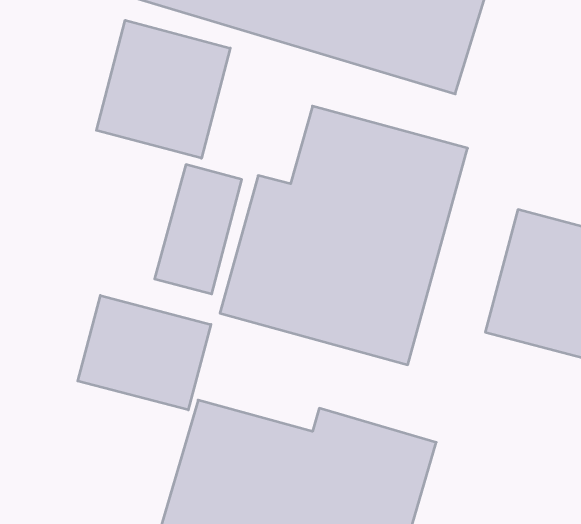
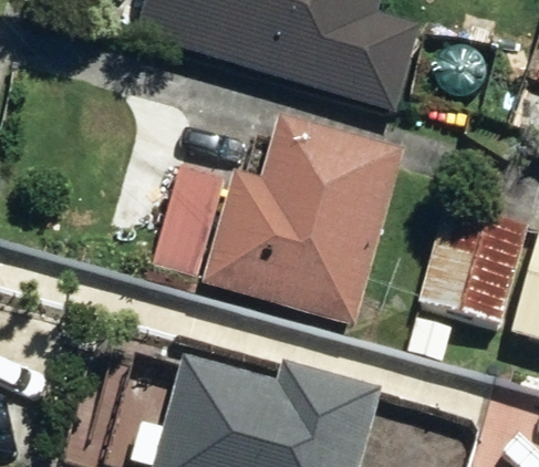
building: [96,20,230,158] -> none
building: [78,295,211,410] -> none

